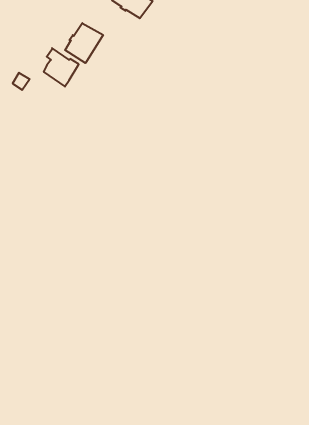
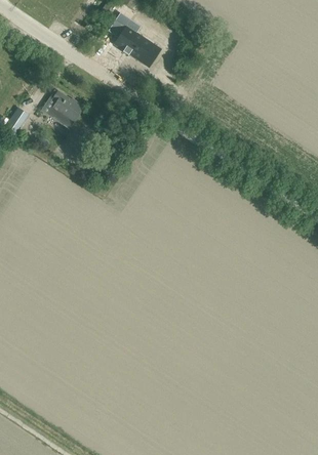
building: [65,23,103,63] -> none

